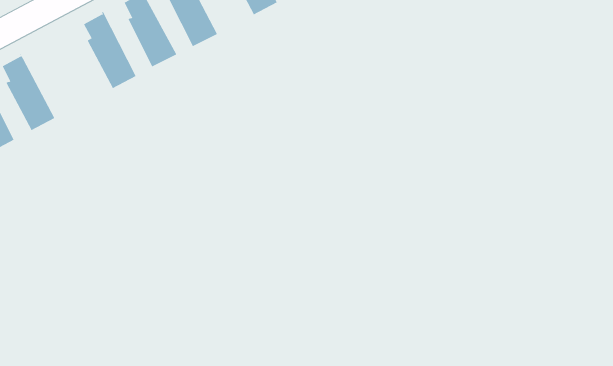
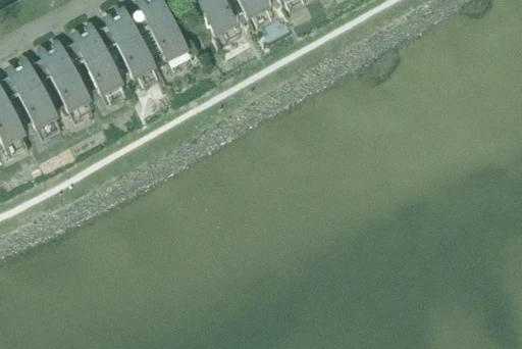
building: none -> [46,46,89,107]

